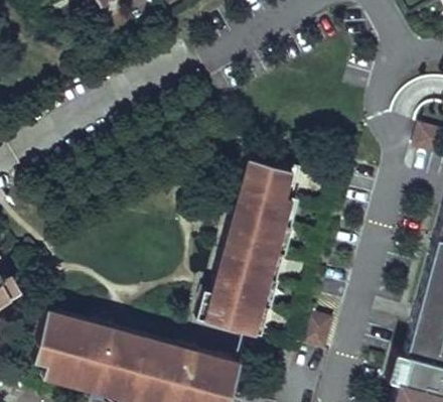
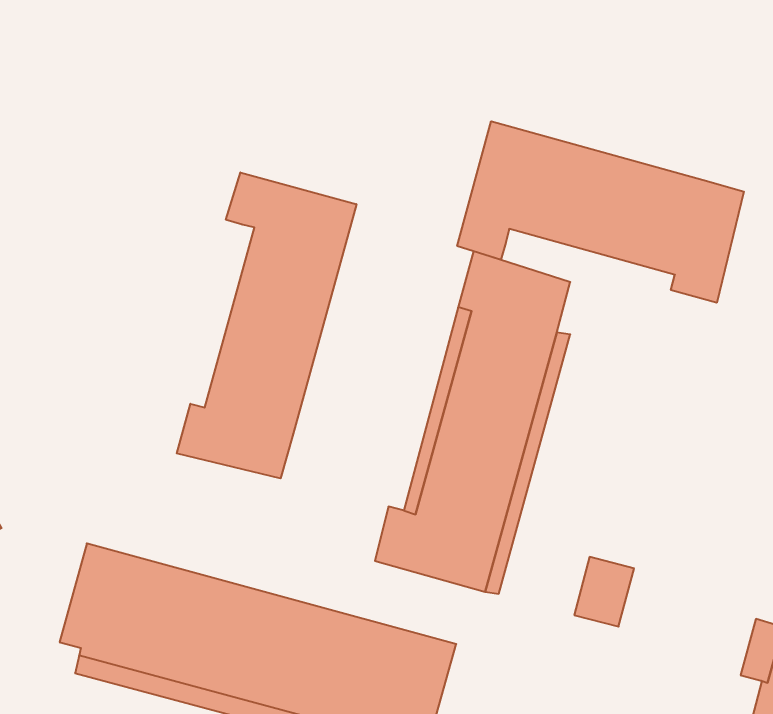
building: none -> [457,121,744,303]
building: none -> [177,172,356,478]

